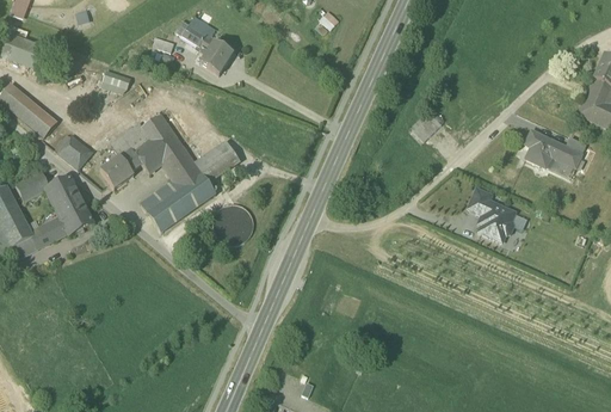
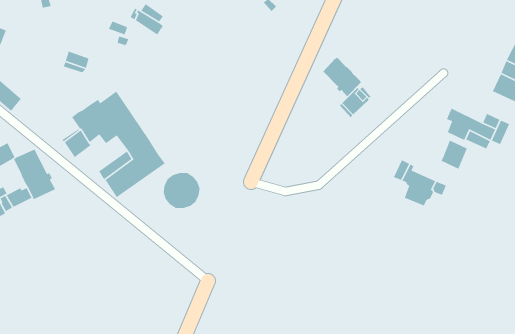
building: [199,39,233,74] -> none
building: none -> [323,57,362,97]
building: [57,133,92,167] -> none
building: [198,144,240,182] -> none
building: none -> [440,139,468,170]

